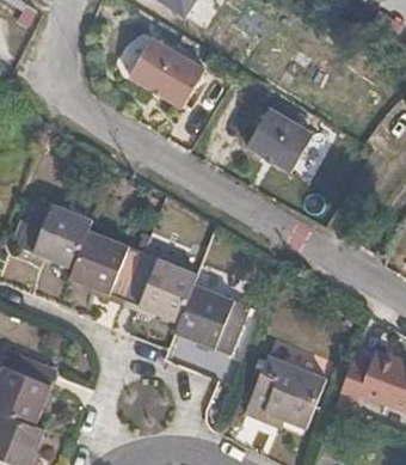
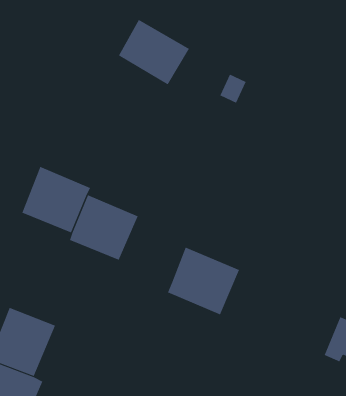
building: [244,111,309,175] -> none
building: [128,247,202,317] -> none
building: [248,349,331,422] -> none

